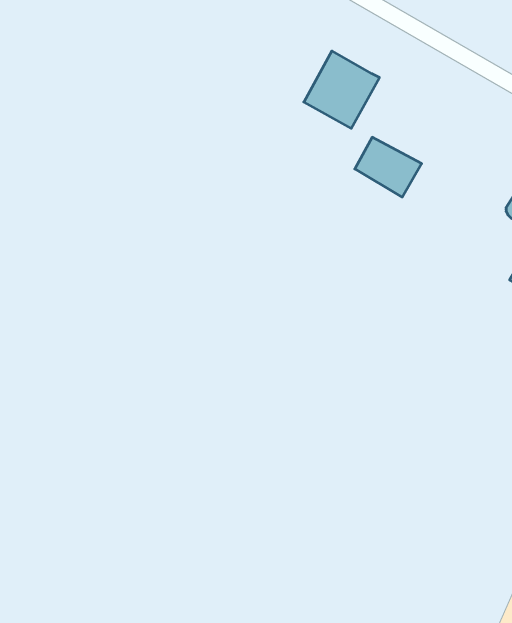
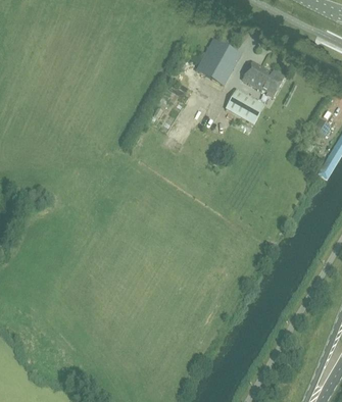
building: none -> [243,60,284,96]

